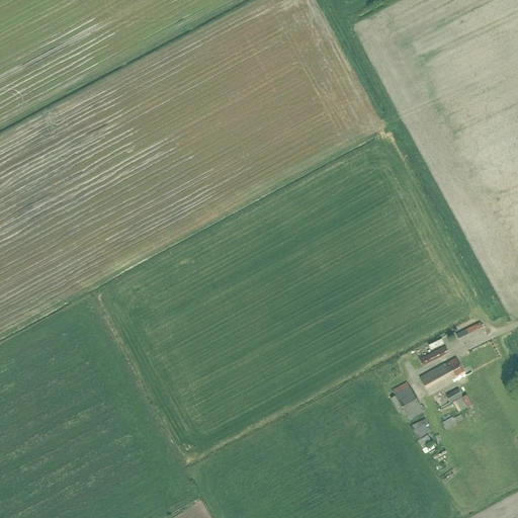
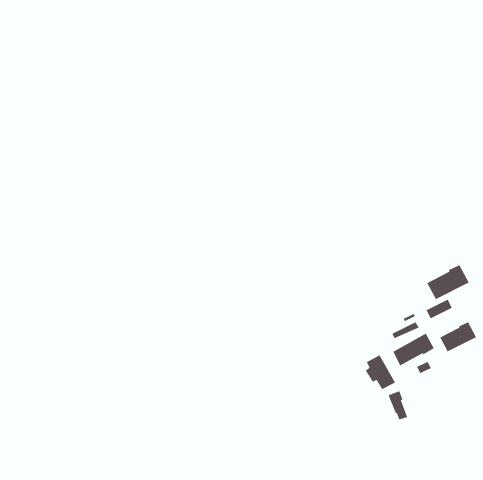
building: none -> [426,264,470,300]
building: none -> [439,321,477,352]

